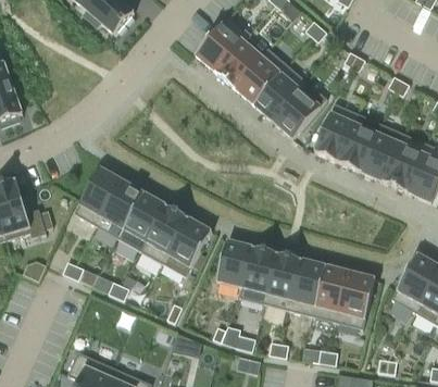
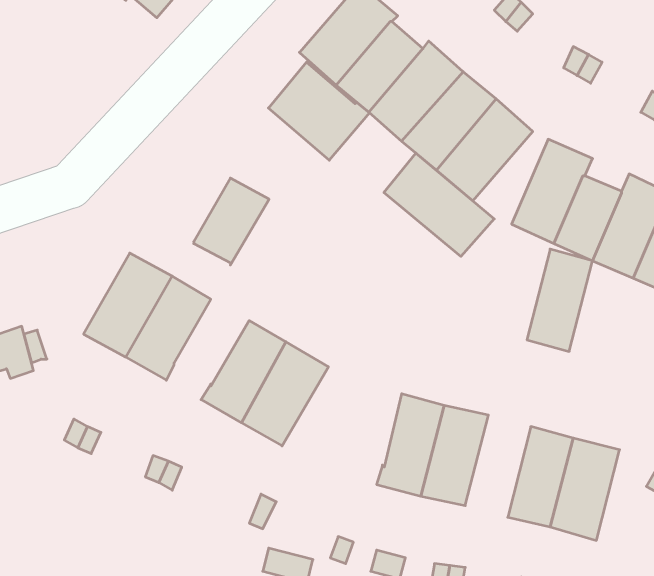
building: none -> [268,62,370,160]
building: none -> [384,153,494,256]
building: [124,194,166,242] -> [194,178,269,265]
building: [215,240,252,288] -> none
building: [288,259,325,316] -> [527,249,592,351]

